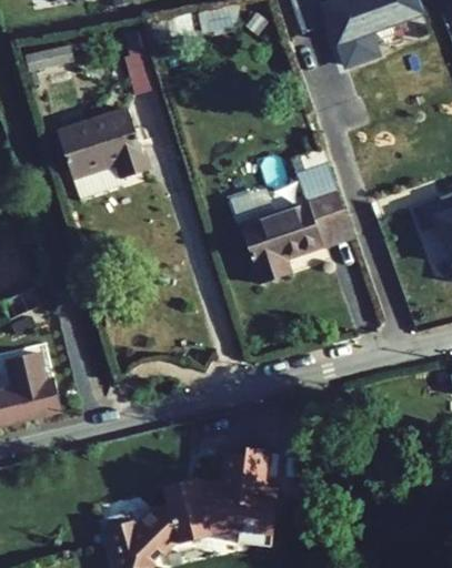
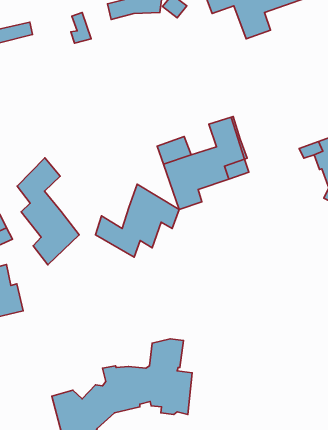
building: [57,111,149,200] -> none
building: none -> [17,158,79,265]
building: none -> [95,184,179,257]

